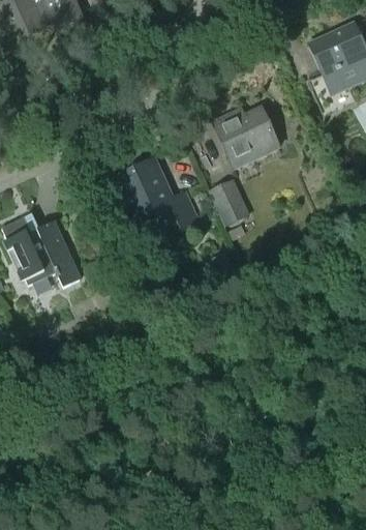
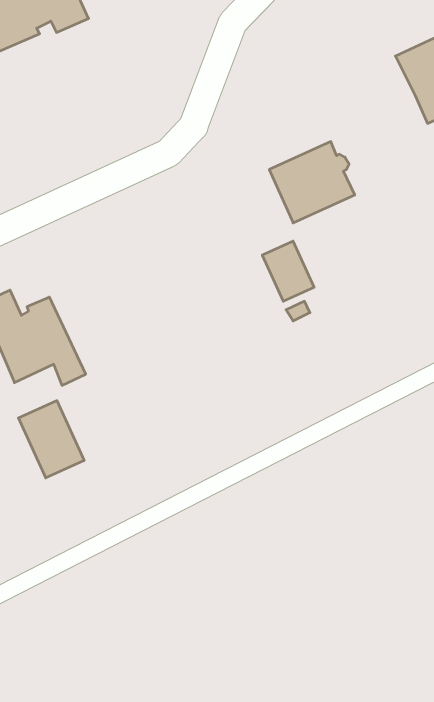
building: [113,156,199,236] -> none
building: none -> [18,401,84,478]

